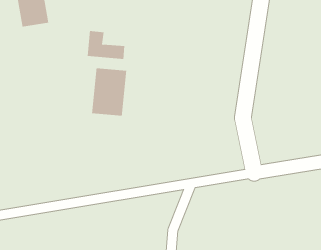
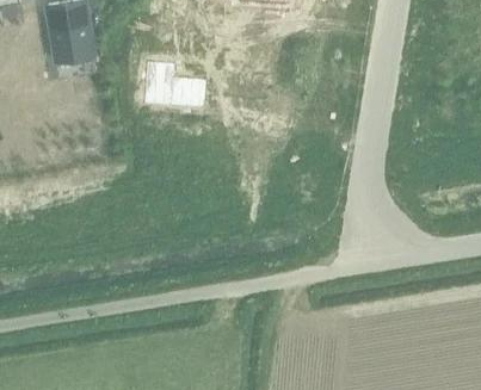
building: [92,67,127,116] -> none

